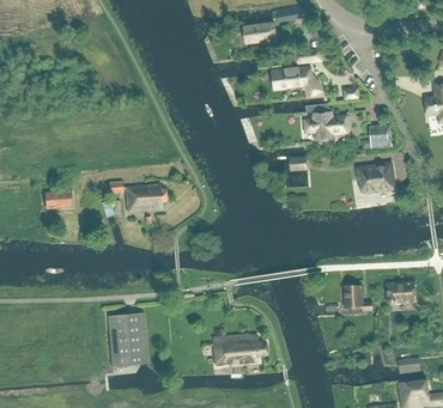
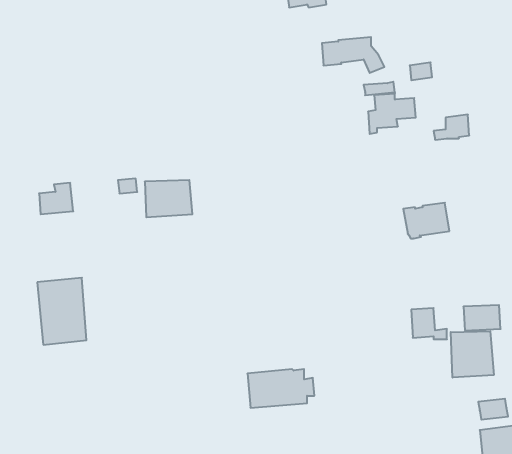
building: [357,163,394,191] -> [403,203,449,238]
building: none -> [451,331,494,378]
building: [108,312,147,366] -> [37,278,86,345]

